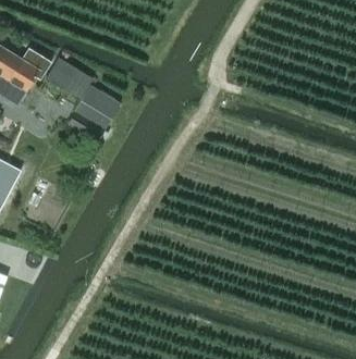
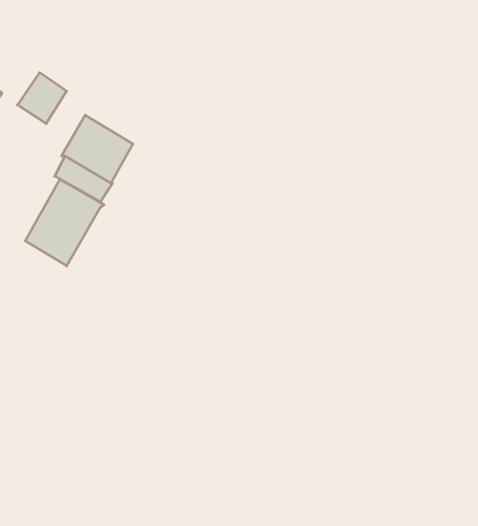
building: none -> [25,179,104,266]

